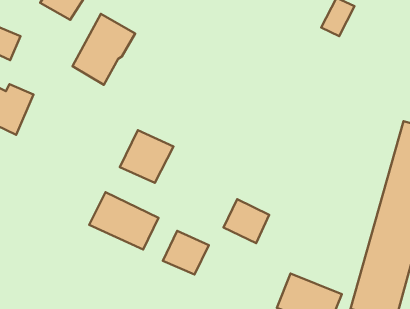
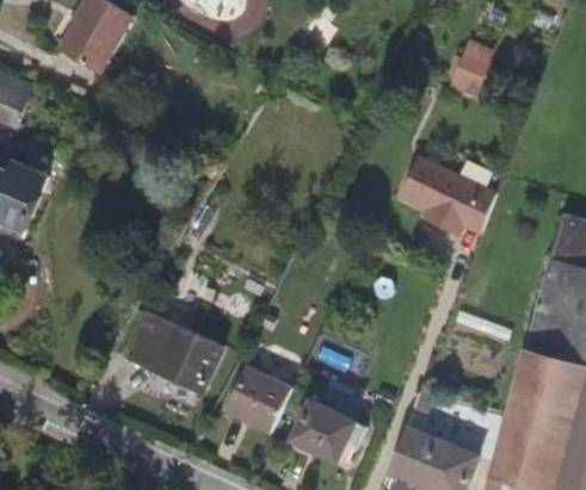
building: [72,14,135,85] -> none
building: none -> [400,157,494,235]
building: [120,130,174,183] -> none
building: [224,199,269,243] -> [292,401,356,461]

